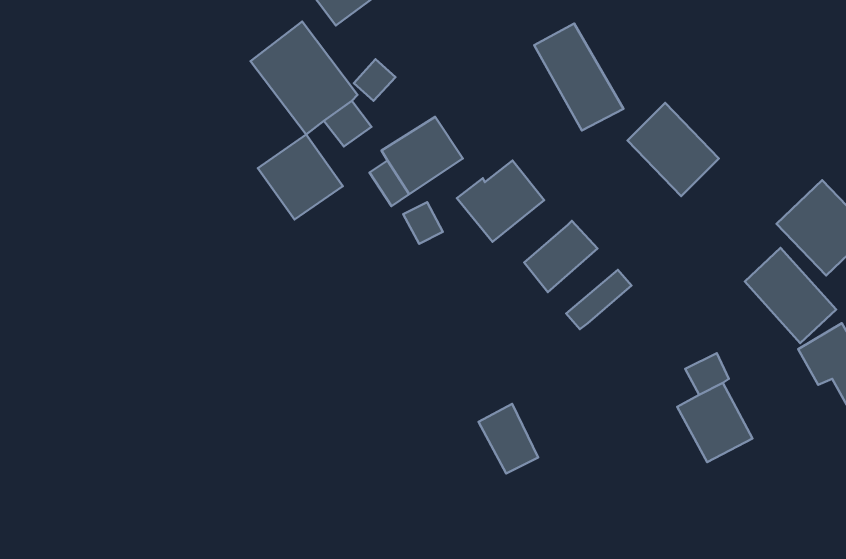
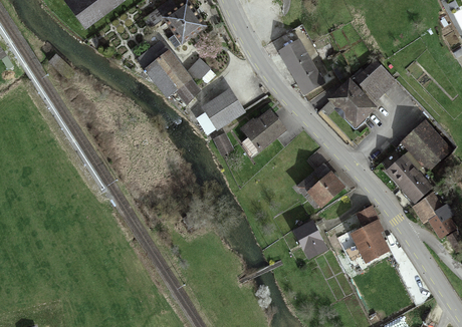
building: none -> [357,62,394,99]
building: [258,135,343,220] -> none
building: [524,221,597,292] -> [306,172,343,208]
building: [478,404,538,473] -> [294,223,324,258]

